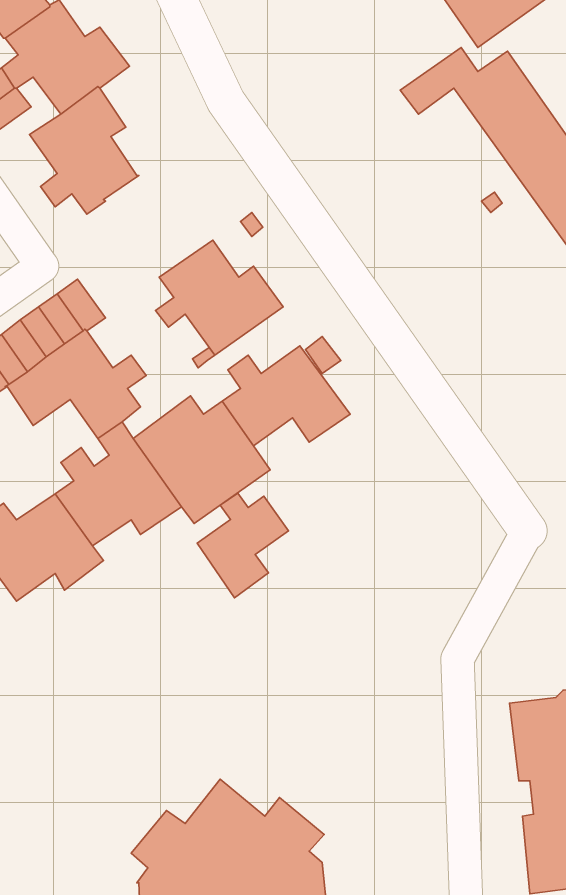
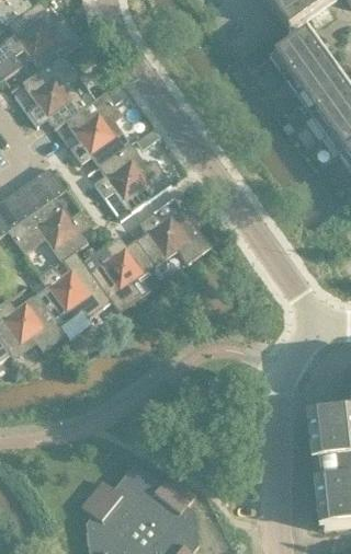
building: none -> [65,92,129,166]
building: [197,493,288,598] -> none

